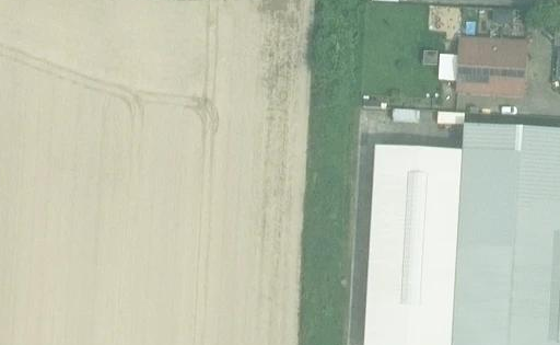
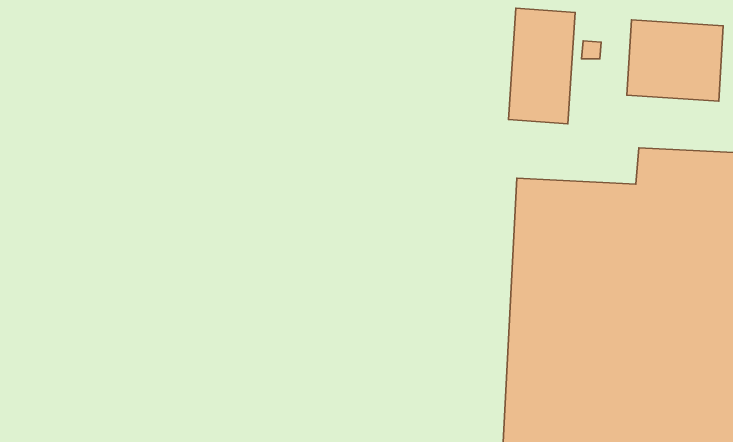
building: none -> [509,8,575,124]

